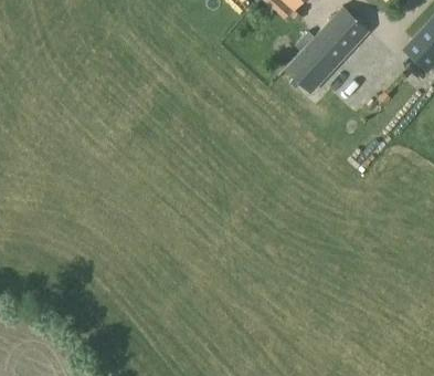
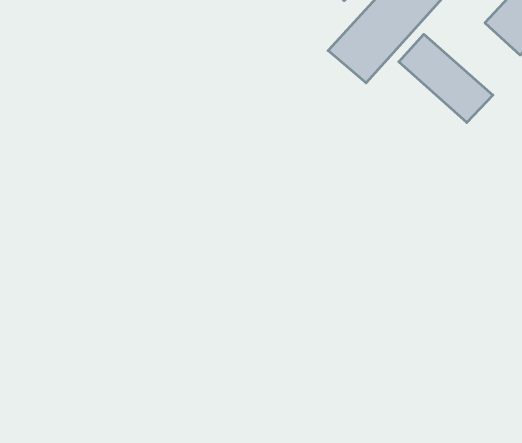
building: none -> [399,34,493,123]

